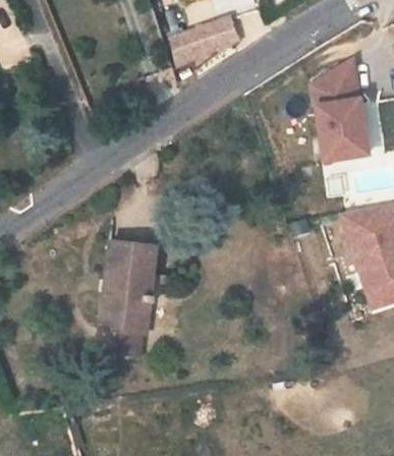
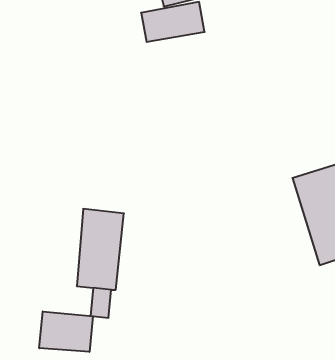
building: [306,63,372,163] -> none
building: none -> [39,311,93,352]

